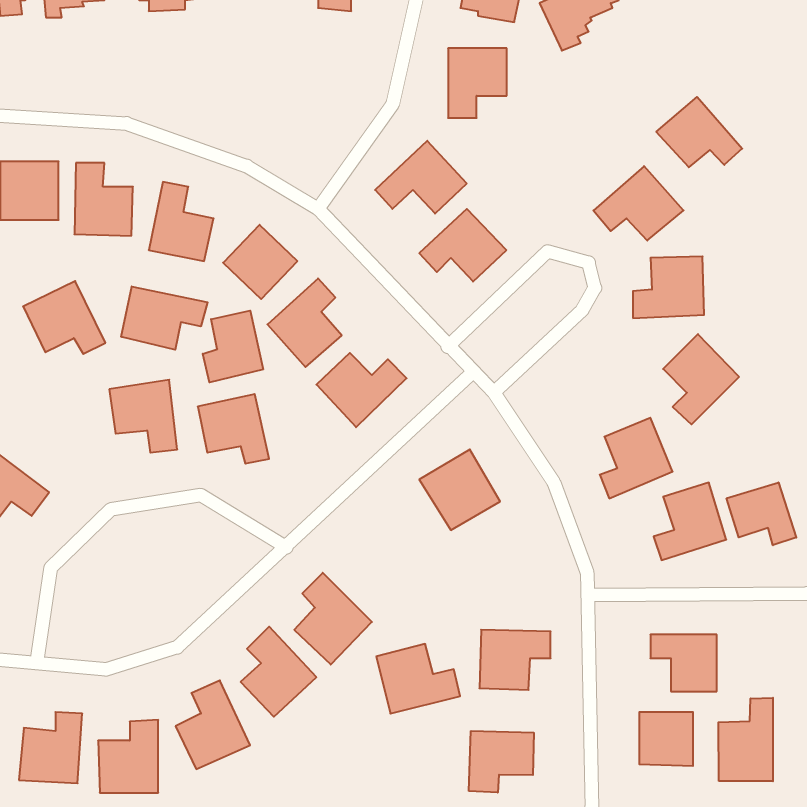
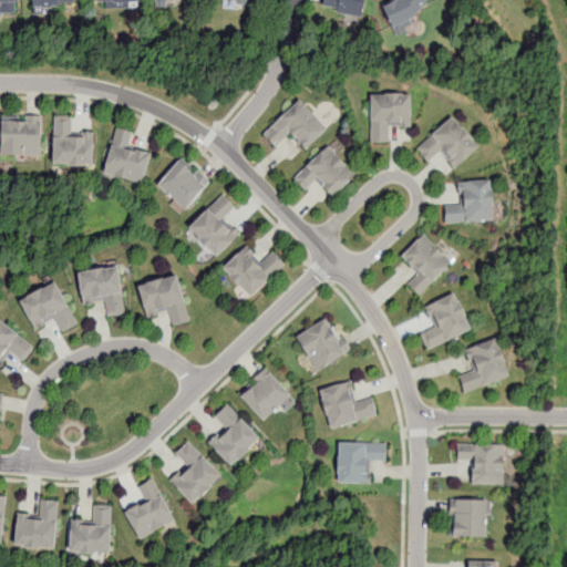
building: [448,48,507,118] -> [369,93,410,142]
building: [656,97,742,167] -> none
building: [23,281,105,354] -> [19,279,76,330]
building: [121,286,208,350] -> none
building: [203,311,263,382] -> none
building: [663,334,739,424] -> [399,231,452,295]
building: [727,482,796,545] -> none
building: none -> [236,365,290,420]
building: [376,644,460,714] -> [318,379,377,427]
building: [718,698,773,781] -> none
building: [469,731,534,793] -> none

